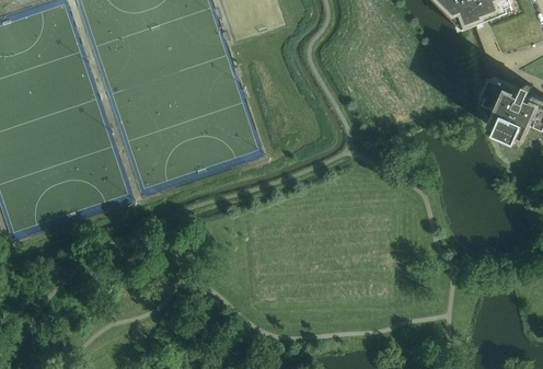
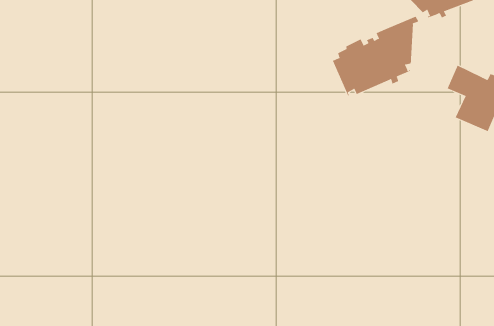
building: none -> [332,16,419,96]

